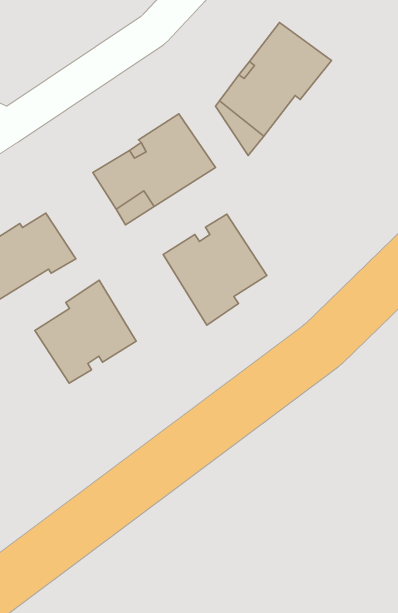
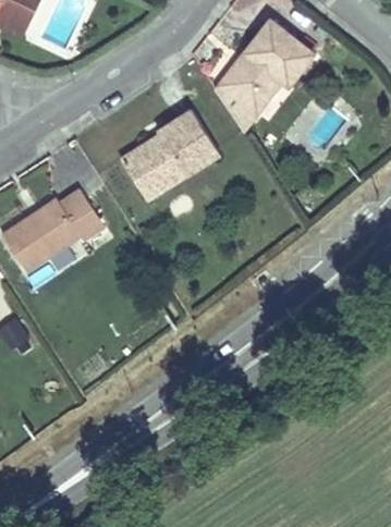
building: [163,214,267,325] -> none
building: [35,280,136,383] -> none

